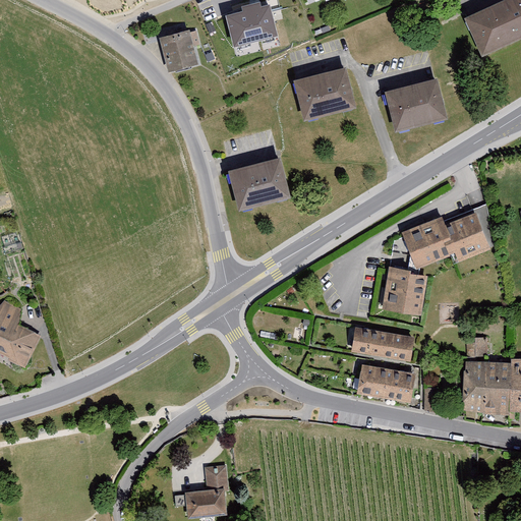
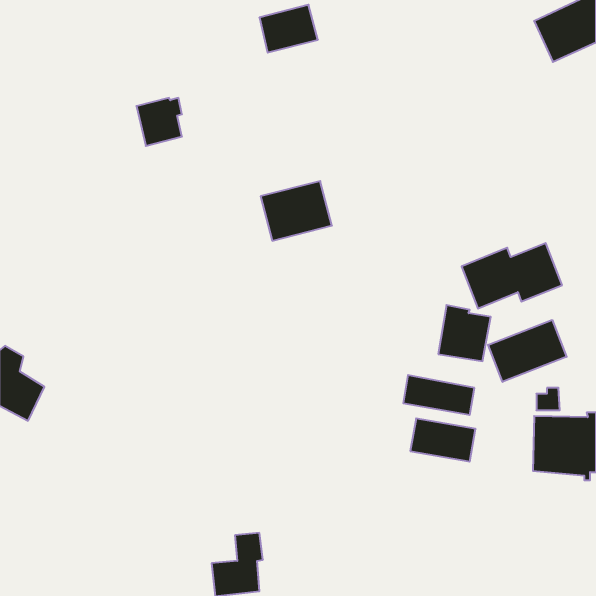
building: [159,30,198,71] -> [136,98,182,146]
building: [293,66,355,120] -> none
building: [385,77,448,131] -> none
building: none -> [488,320,567,382]

